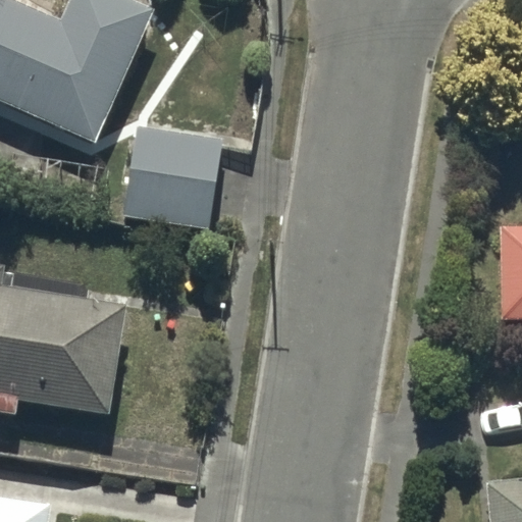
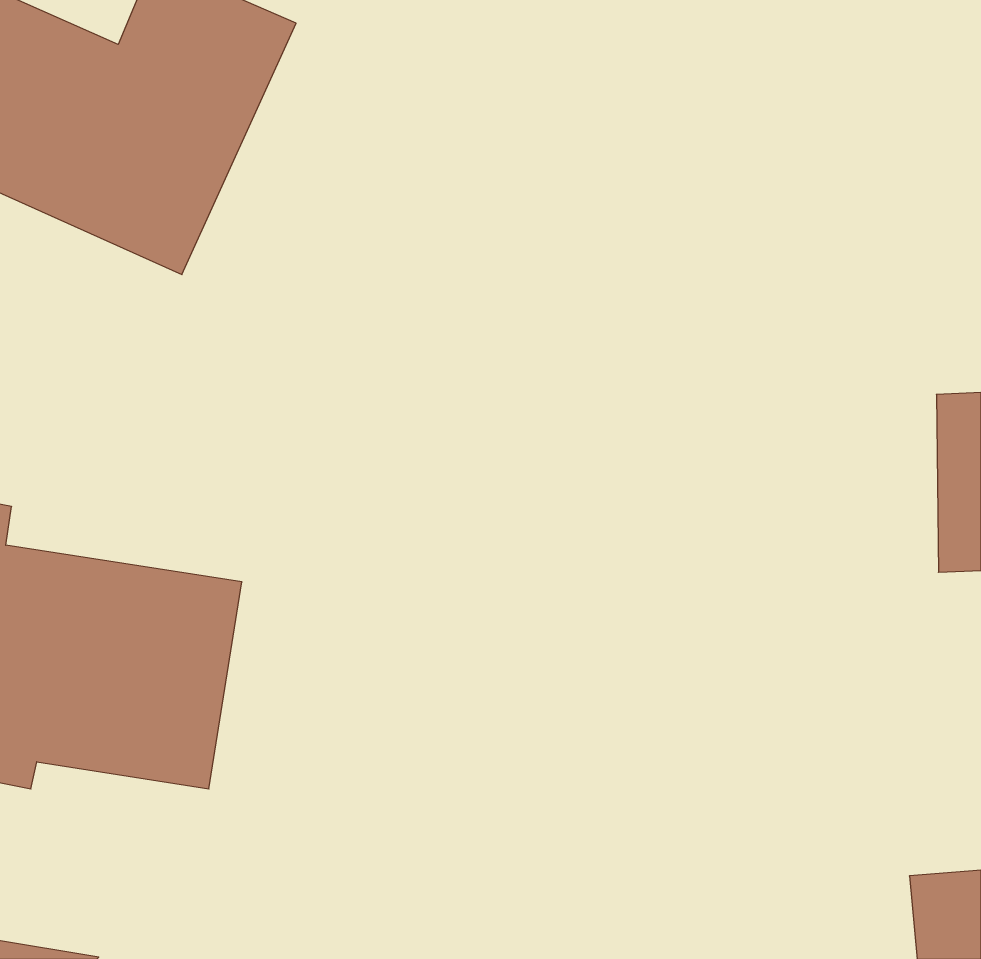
building: [122,124,223,226] -> none

